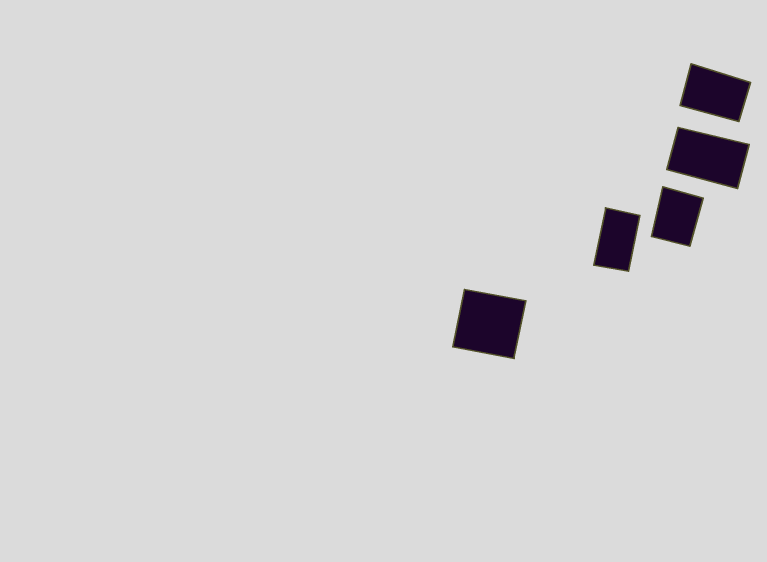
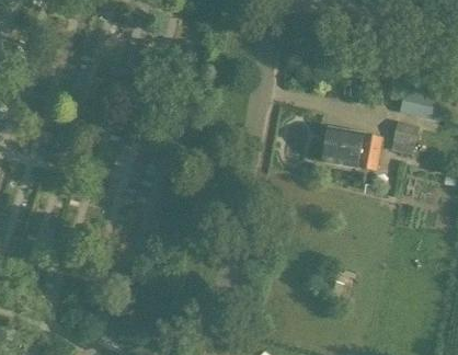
building: [680,64,751,121] -> none
building: [453,289,526,358] -> [321,126,363,165]

